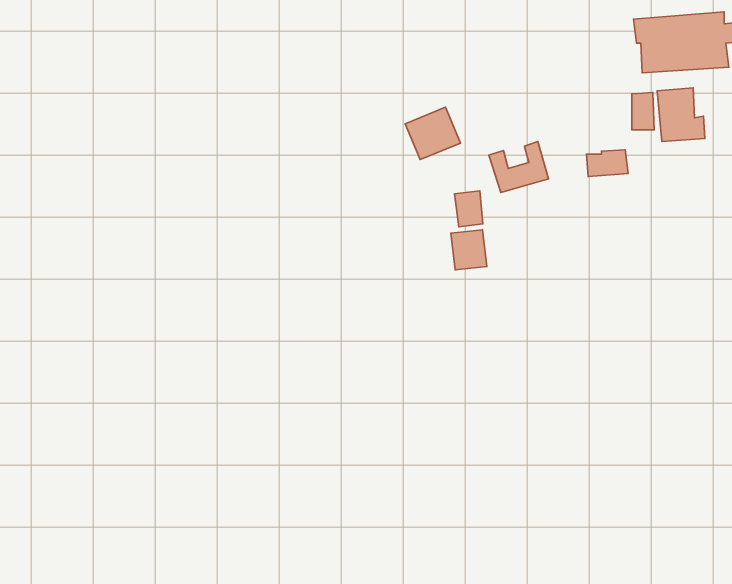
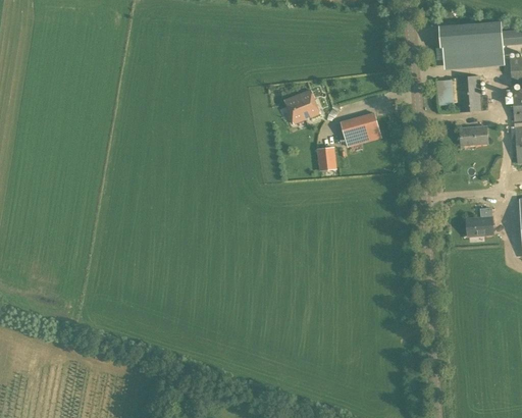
building: [587,150,628,177] -> [460,126,488,145]
building: [451,230,487,270] -> none
building: none -> [467,217,492,236]

